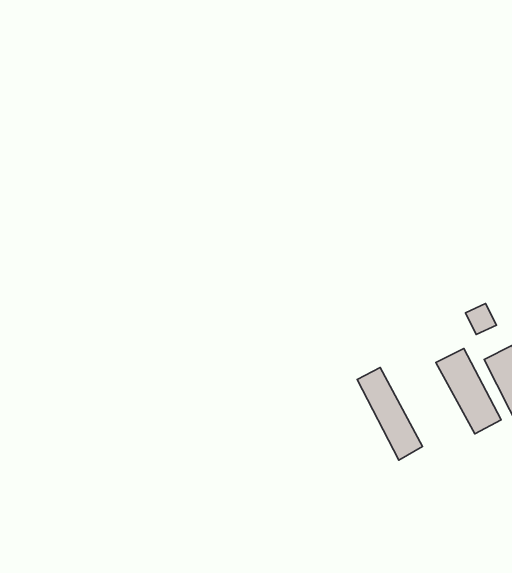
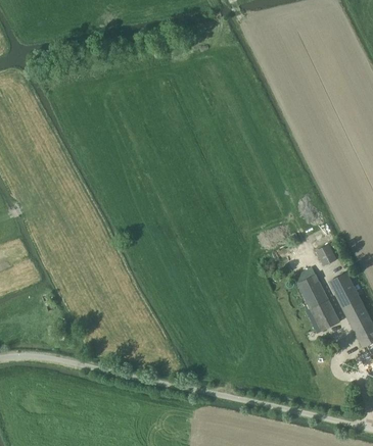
building: [357,367,422,460] -> none

